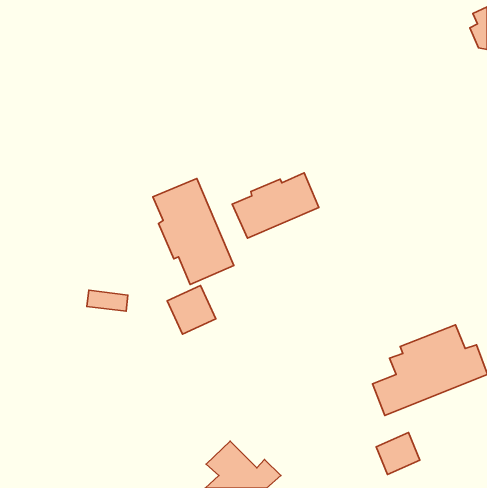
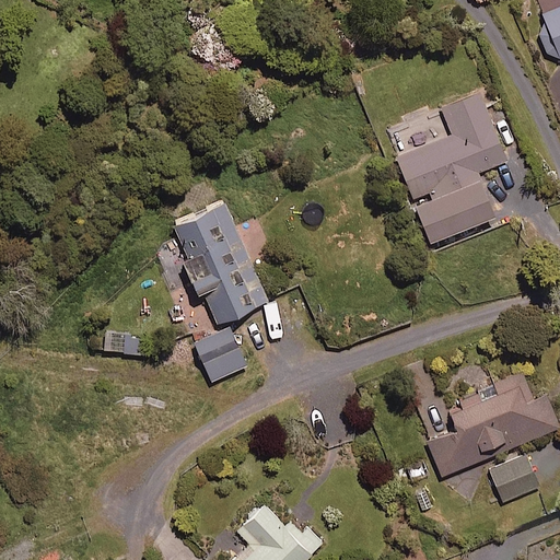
building: none -> [397,95,506,243]
building: [232,173,319,238] -> none
building: [376,433,420,475] -> [488,454,538,502]

